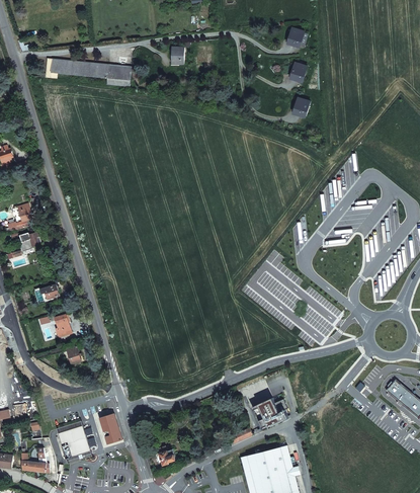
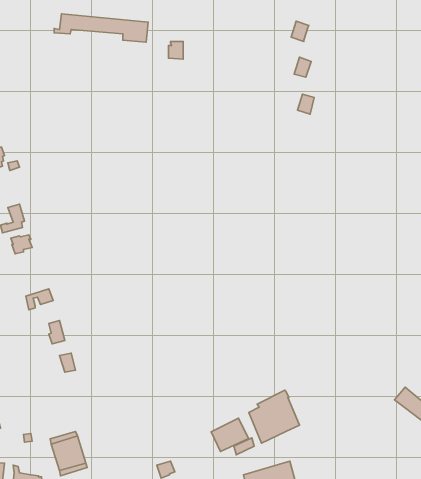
building: [39,59,130,86] -> [54,14,148,42]
building: none -> [211,418,249,452]
building: [98,413,121,444] -> none

